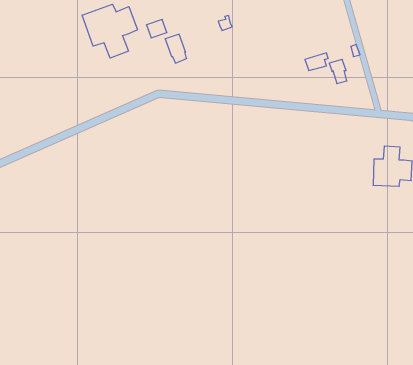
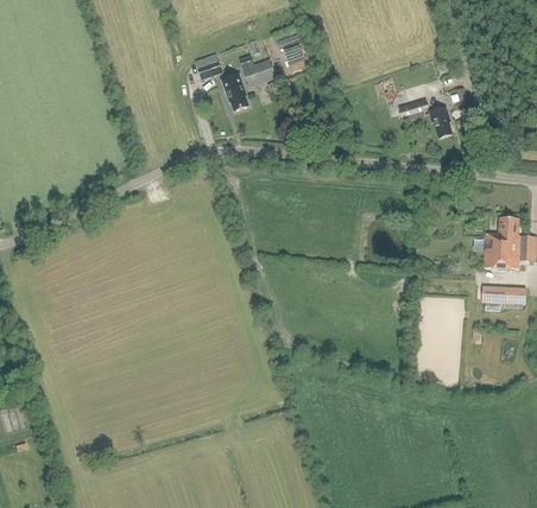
building: [82,4,137,58] -> none
building: none -> [242,58,276,85]
building: none -> [482,284,525,303]

